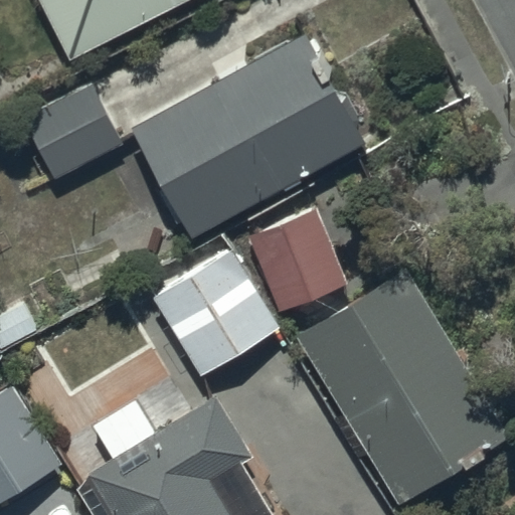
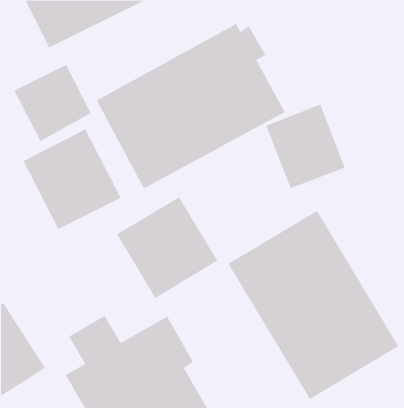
building: none -> [23,129,121,230]
building: [249,205,350,312] -> [265,104,346,189]

